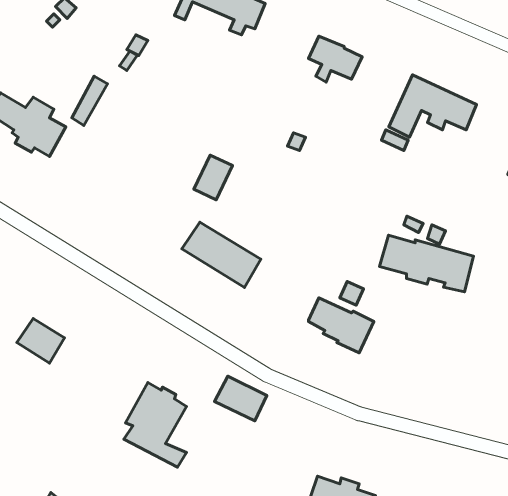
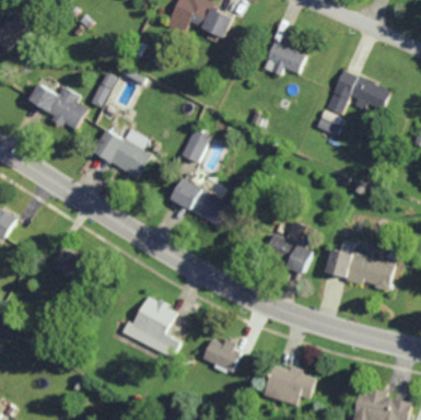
building: none -> [93,128,152,179]
building: [380,235,473,292] -> [326,249,395,291]
building: [215,376,267,421] -> [202,339,241,372]

